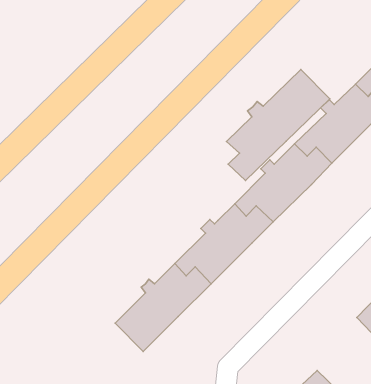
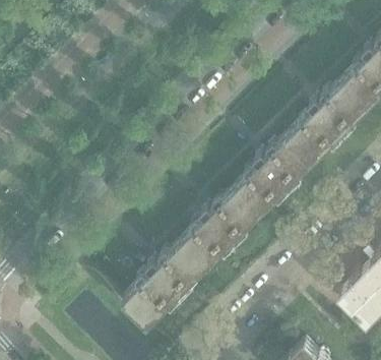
building: [227,69,330,181] -> none

